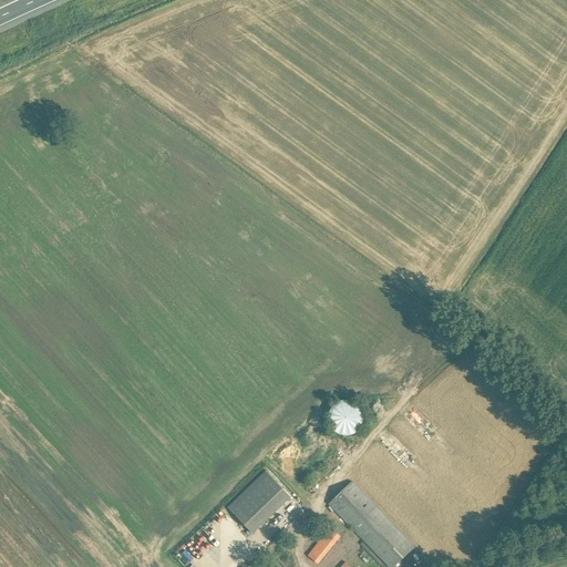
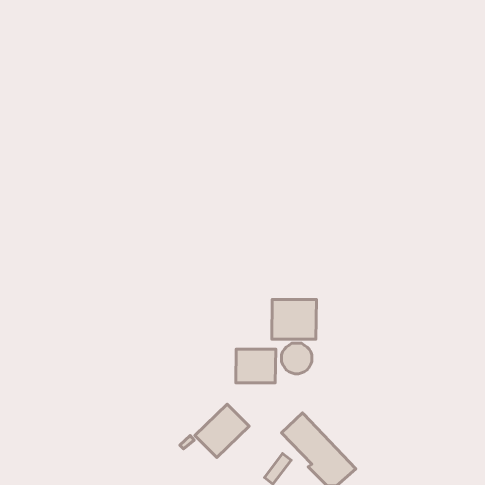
building: none -> [272,300,316,339]
building: none -> [236,349,276,383]

